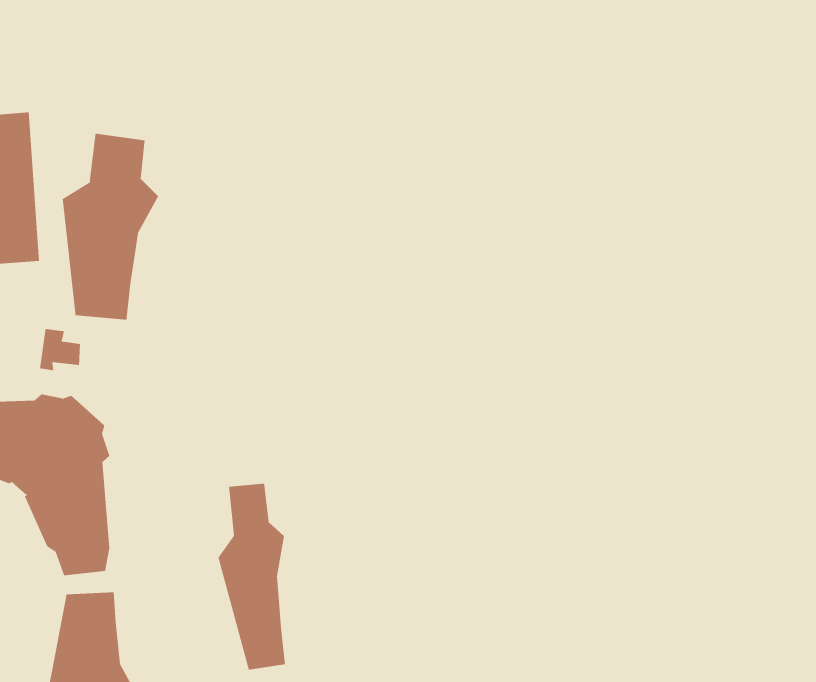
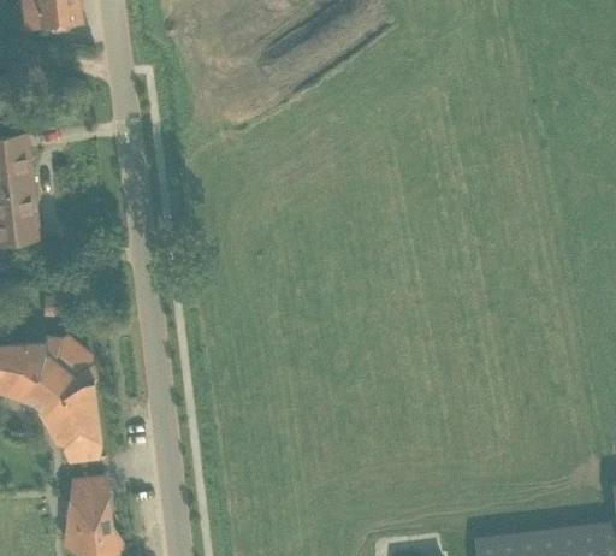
building: [62,133,159,321] -> none
building: [218,483,286,670] -> none

